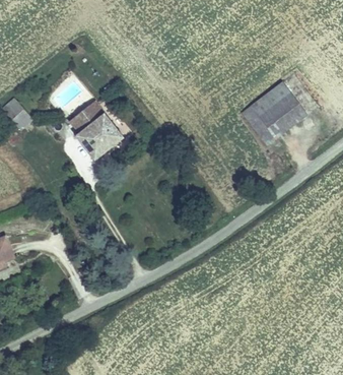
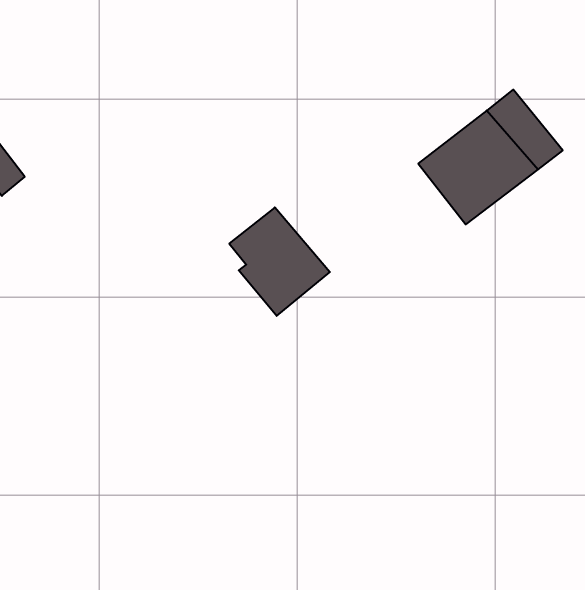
building: [68,102,122,160] -> [229,207,330,316]

